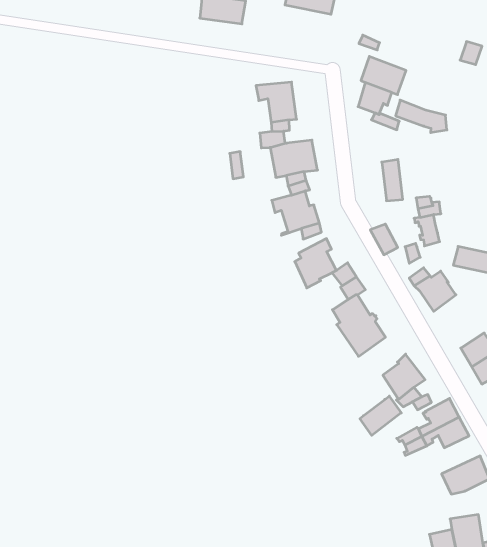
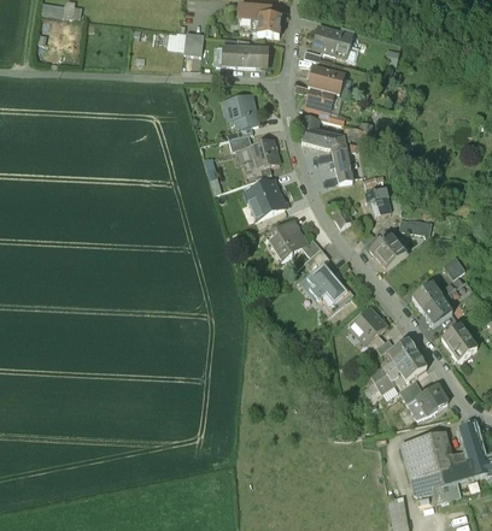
building: none -> [311,24,351,53]
building: none -> [223,45,260,65]
building: [396,100,447,133] -> [301,126,345,151]
building: [360,396,401,435] -> none

